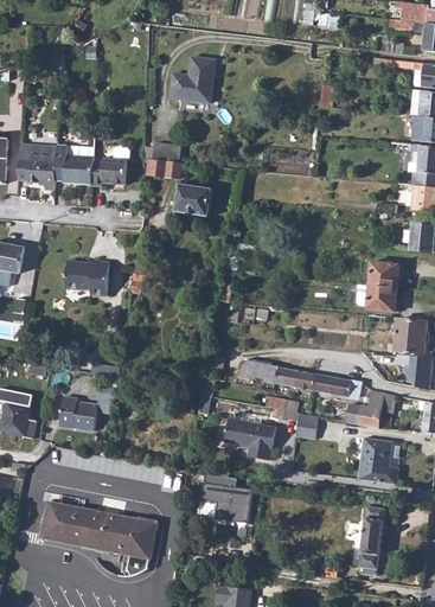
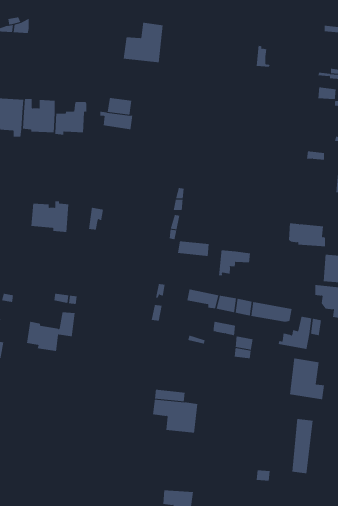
building: [174,185,212,218] -> none
building: [369,262,402,288] -> none
building: none -> [219,250,251,276]
building: [223,417,274,460] -> none
building: [40,503,156,576] -> none

